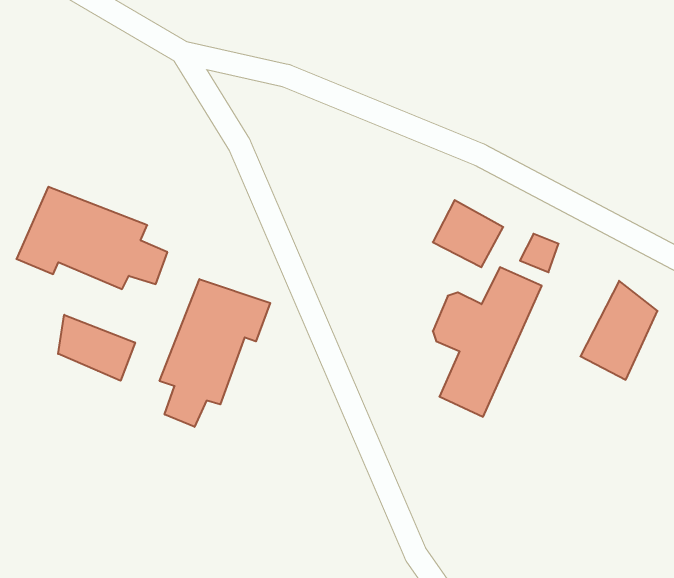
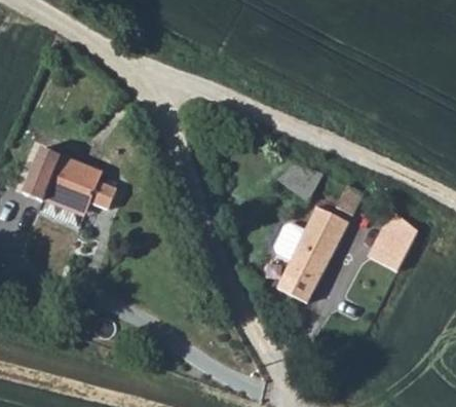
building: [160,279,270,427] -> none
building: [58,315,135,381] -> none

